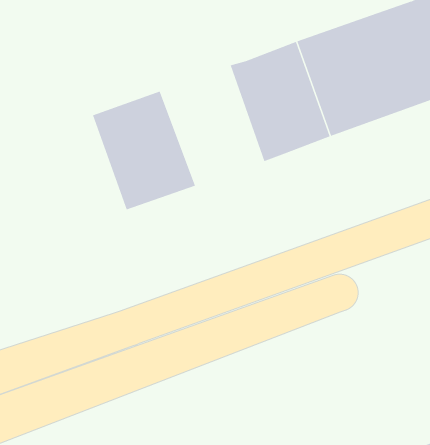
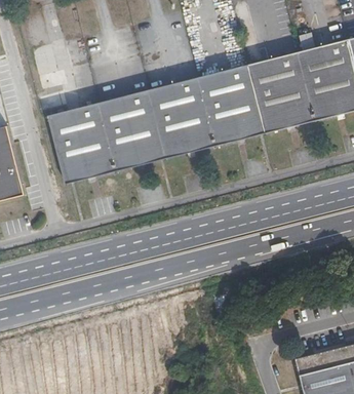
building: none -> [148,76,215,158]
building: none -> [48,102,116,184]

